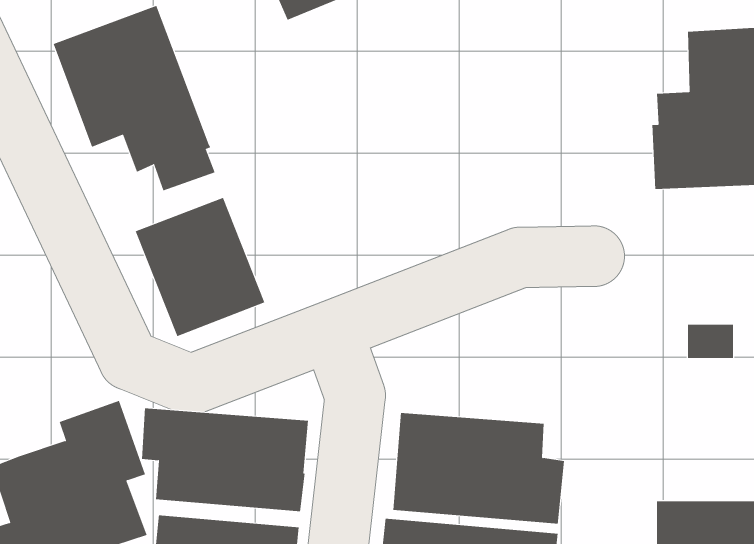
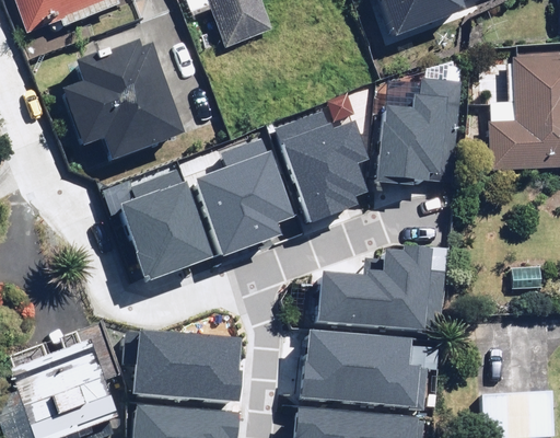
building: none -> [375,72,465,187]
building: none -> [277,109,371,218]
building: none -> [196,135,298,252]
building: none -> [318,243,434,324]

